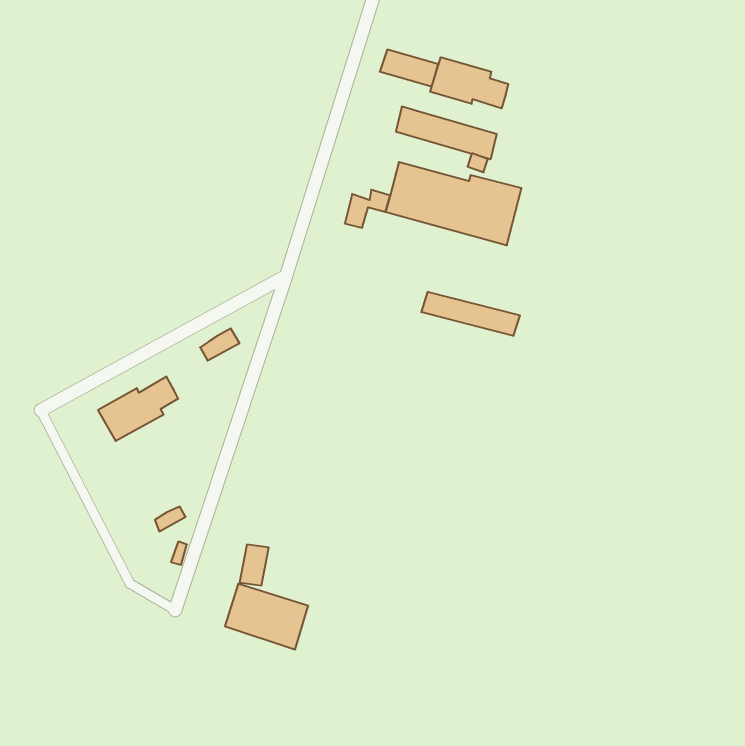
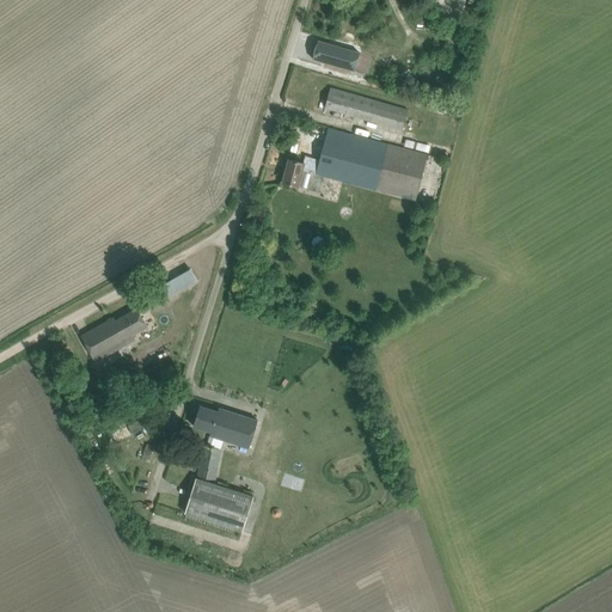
building: [430,57,508,108] -> none
building: [421,292,520,336] -> none
building: none -> [192,405,257,447]

